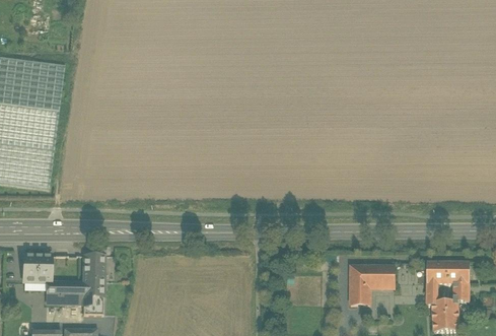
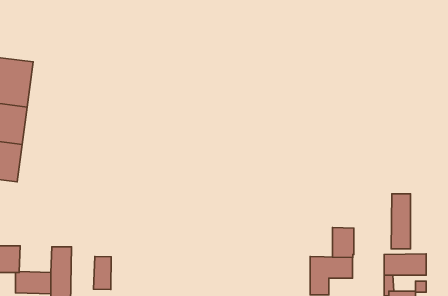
building: none -> [391,194,410,249]
building: none -> [333,228,354,258]
building: none -> [94,256,111,289]

